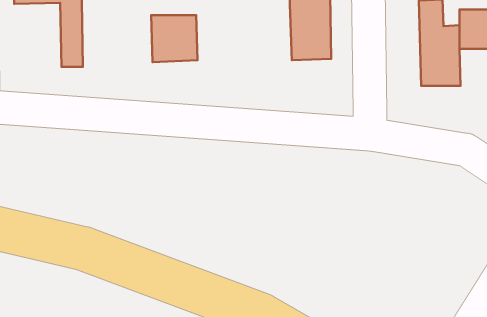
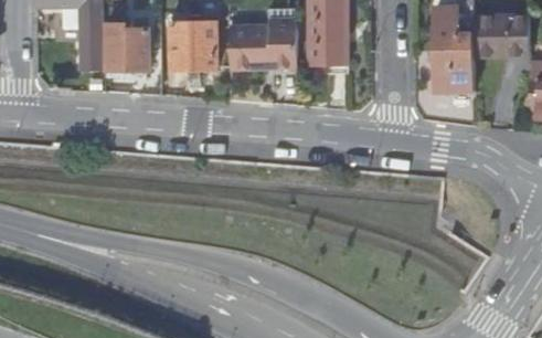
building: none -> [231,19,297,67]
building: none -> [106,23,149,67]

